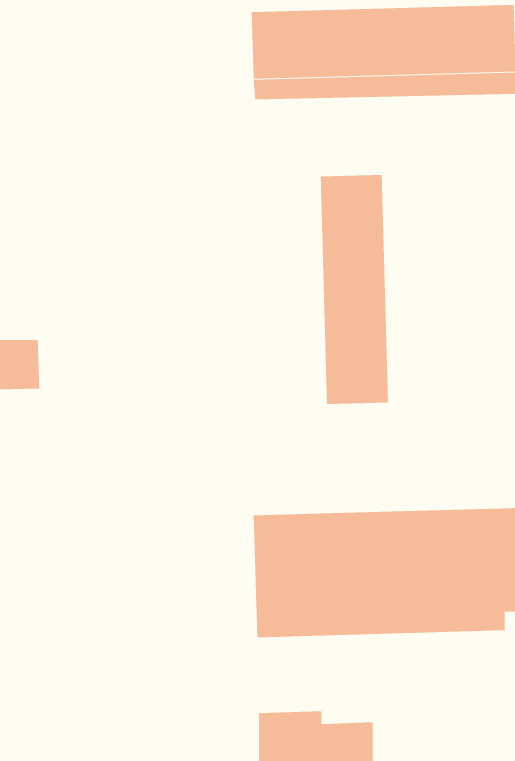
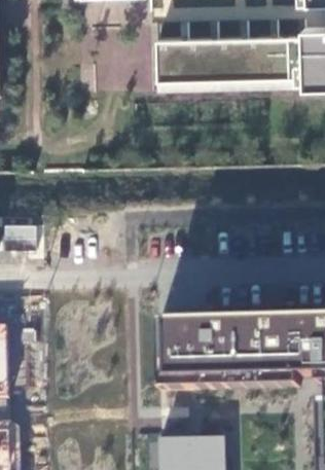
building: [320,174,389,405] -> none

